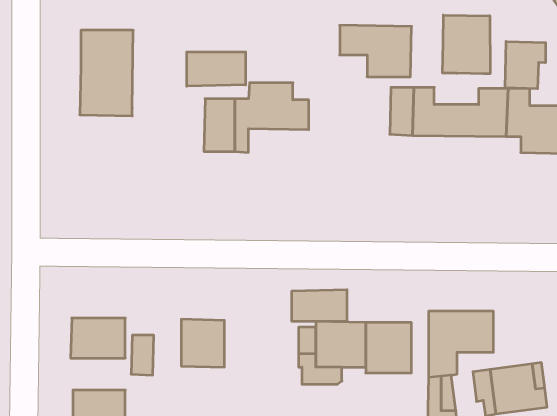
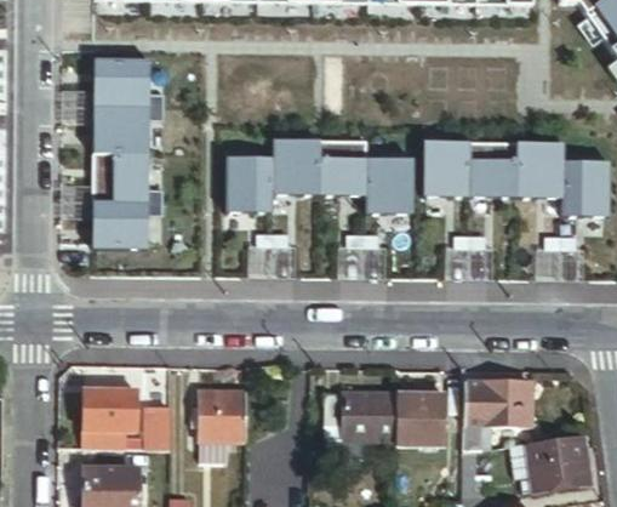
building: none -> [95,57,150,82]
building: [443,15,490,74] -> none
building: [340,25,412,77] -> [337,156,413,211]
building: [505,41,546,89] -> none
building: [187,52,246,86] -> none
building: none -> [93,172,149,249]
building: [292,290,347,321] -> none

